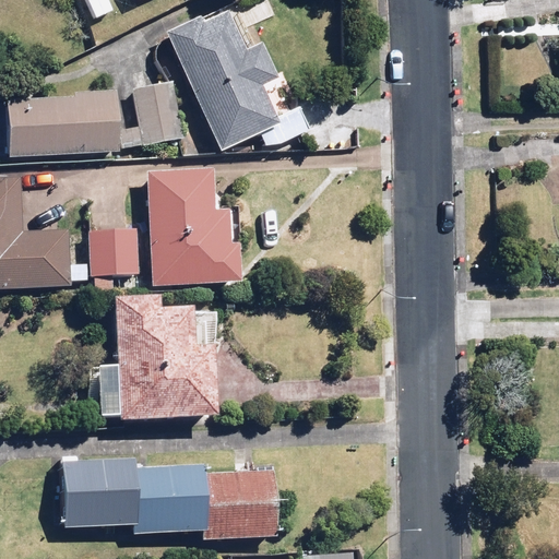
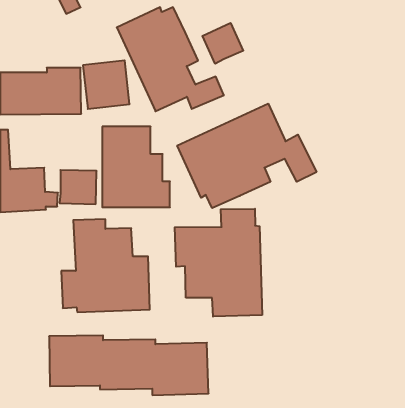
building: none -> [202,23,243,64]
building: none -> [177,104,316,208]
building: none -> [175,209,262,317]

